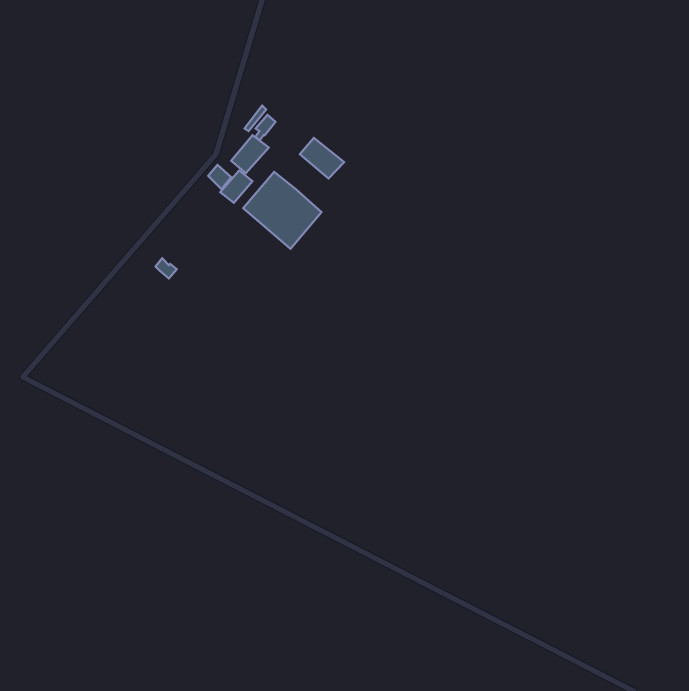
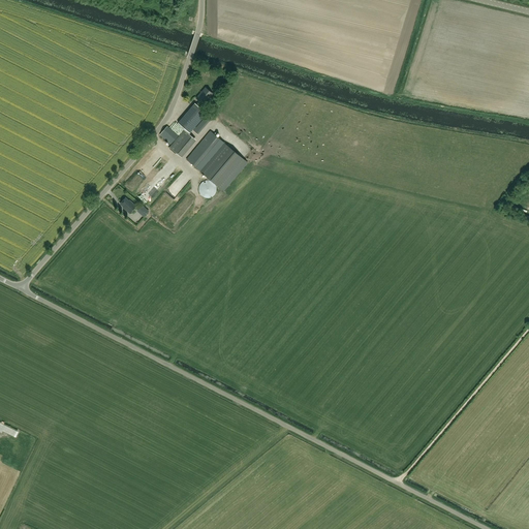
building: [300,138,344,179] -> none

